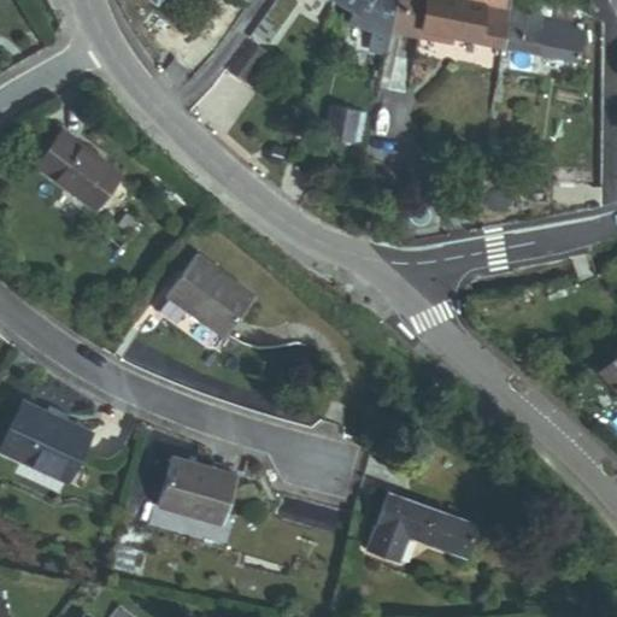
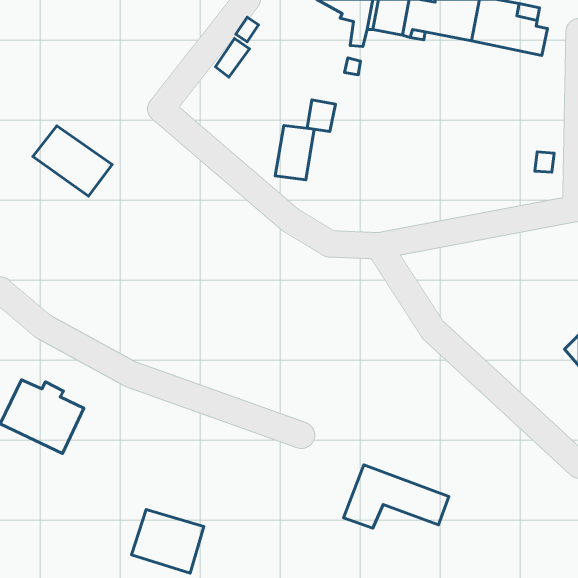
building: none -> [275,125,314,180]
building: [168,255,254,337] -> none
building: [158,458,235,525] -> [131,510,204,573]

